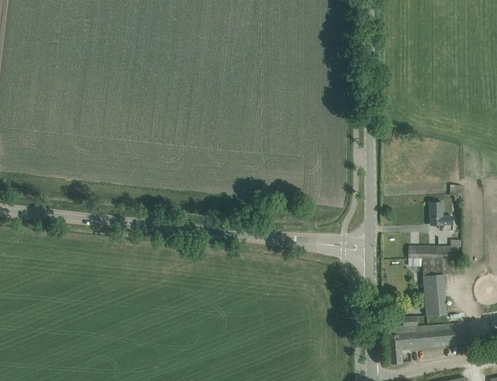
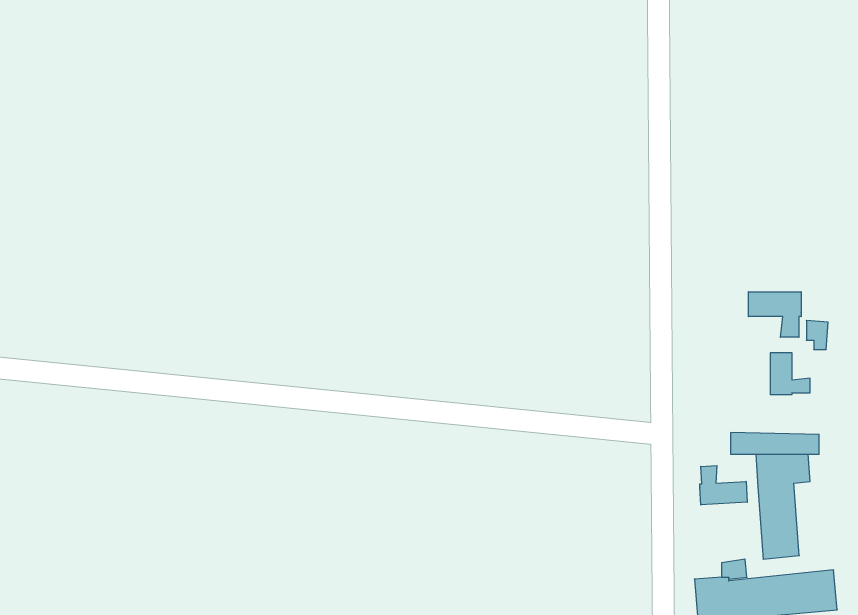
building: none -> [748,292,801,337]
building: none -> [700,466,747,505]

